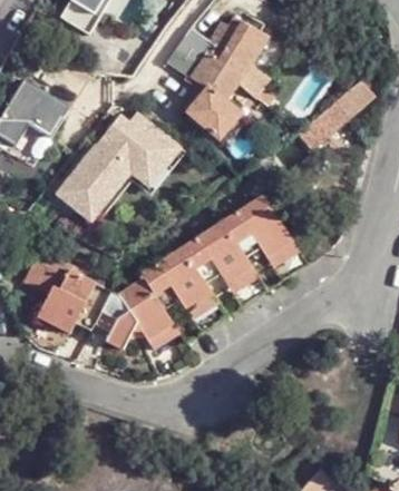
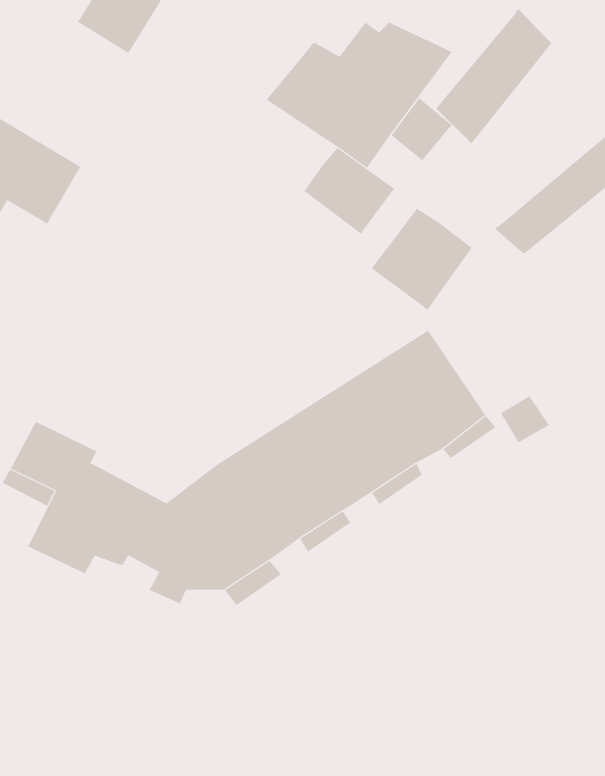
building: none -> [435,8,552,144]
building: [48,109,183,225] -> none
building: none -> [371,208,472,310]

